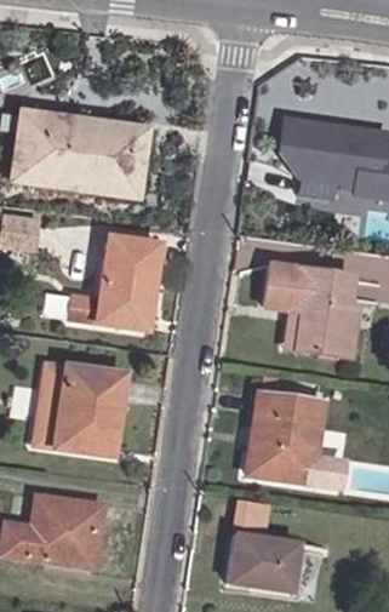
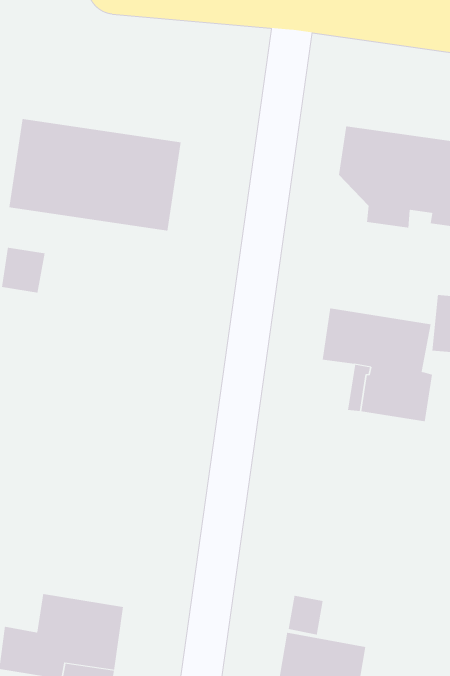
building: [76,238,159,327] -> none
building: [38,360,127,457] -> none
building: [245,394,349,494] -> none

